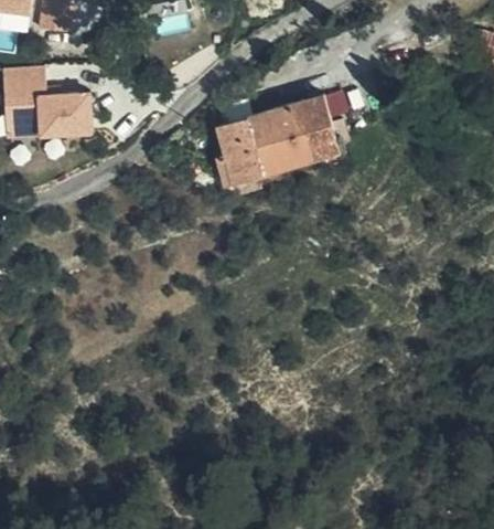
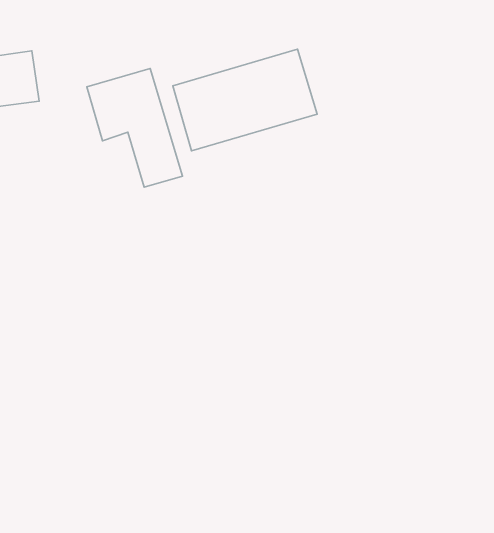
building: none -> [87,69,183,187]

